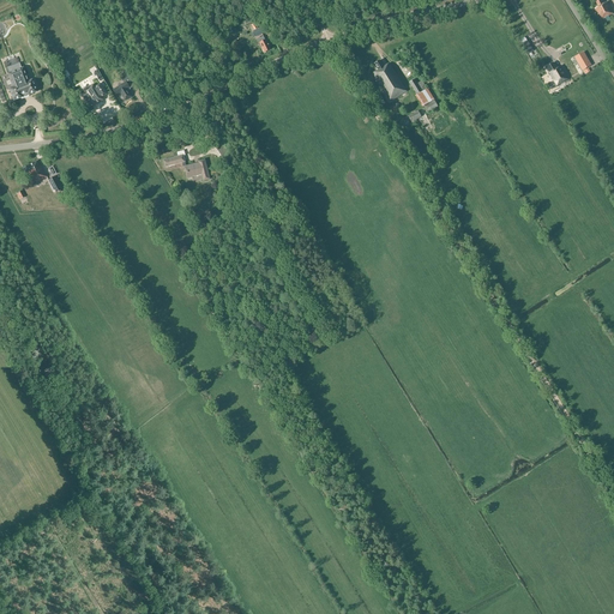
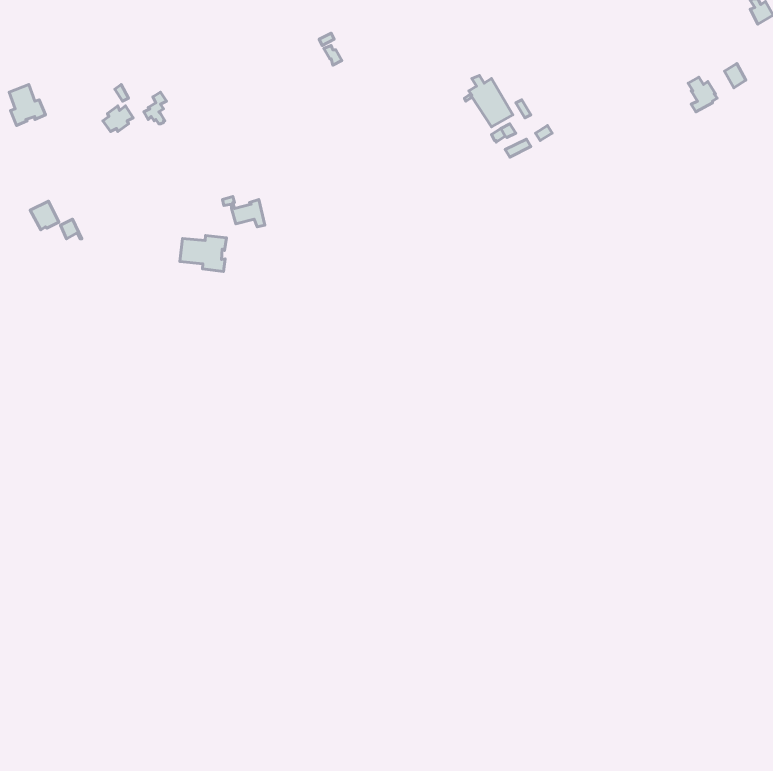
building: none -> [180,235,226,271]

